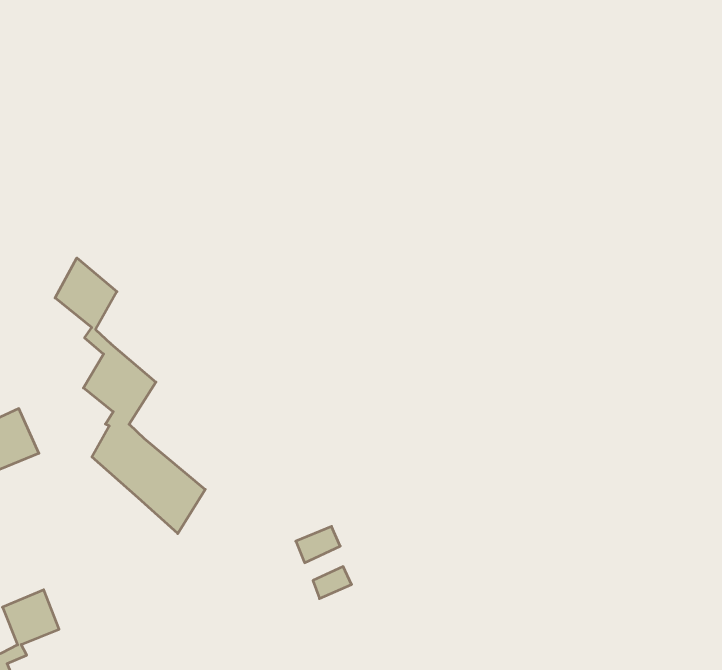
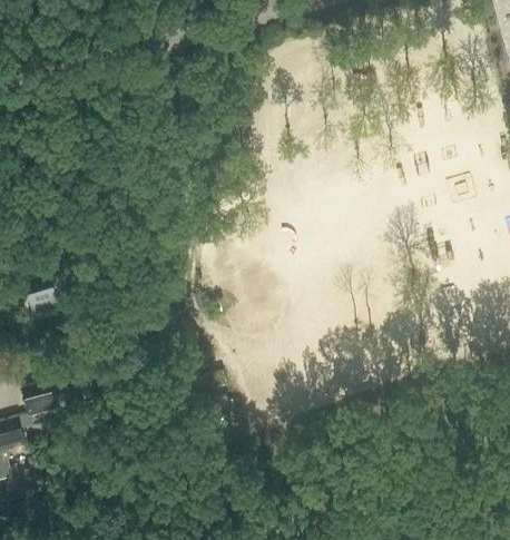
building: [55,258,205,534] -> none

